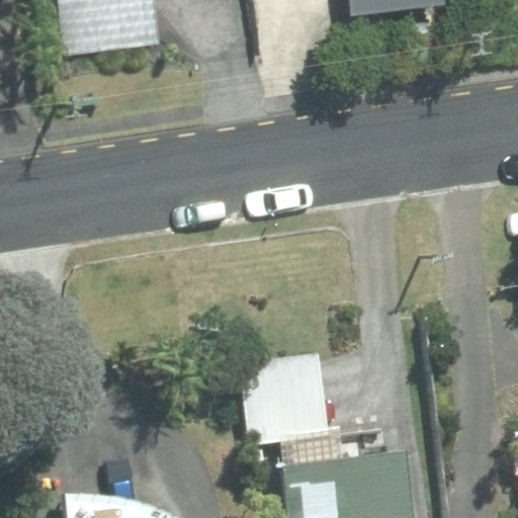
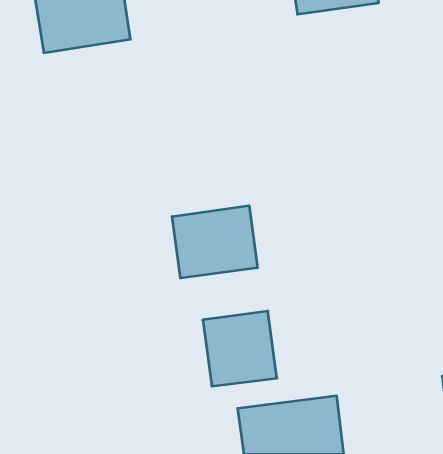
building: none -> [172,206,257,278]

